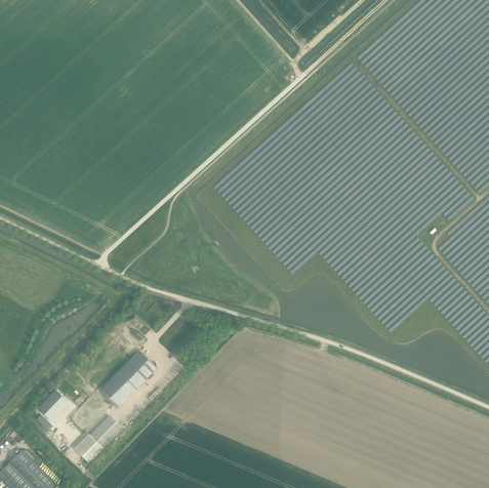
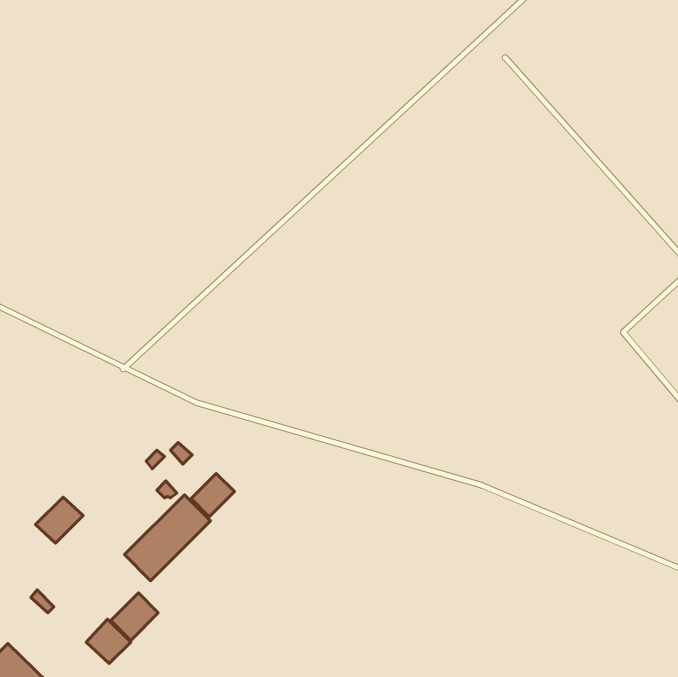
building: none -> [191,473,234,517]
building: [36,390,68,420] -> [36,497,83,543]

